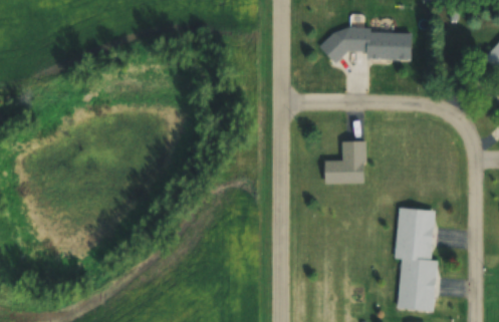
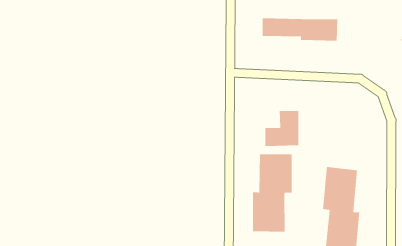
building: none -> [252,153,293,232]

